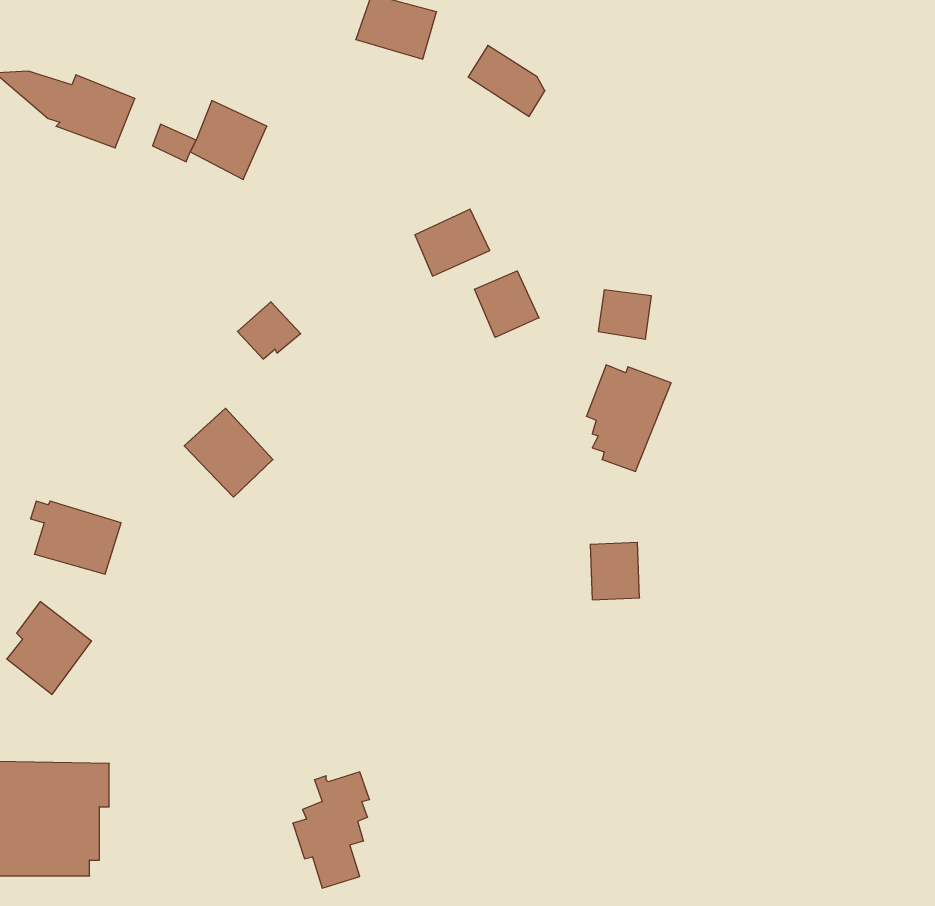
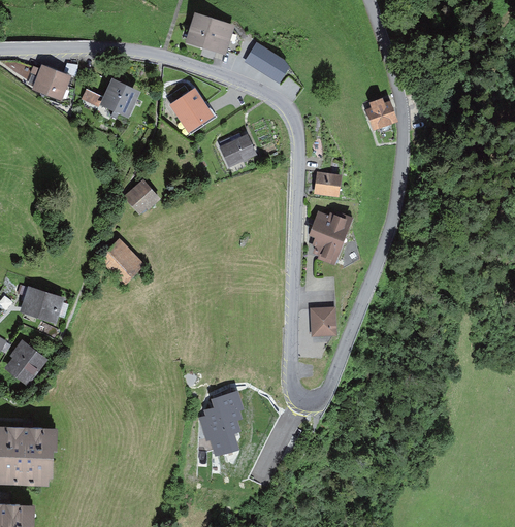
building: none -> [168,86,216,134]
building: none -> [364,101,396,133]
building: [475,271,539,337] -> none
building: [293,772,370,888] -> [200,393,240,454]

